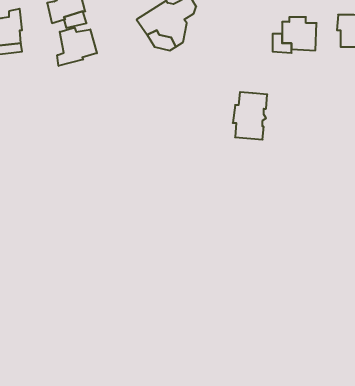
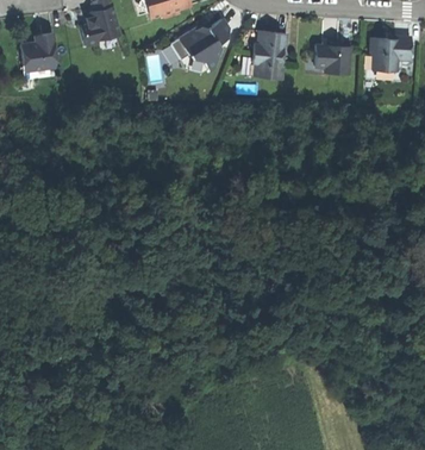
building: [57,28,97,66] -> none
building: [233,92,267,140] -> [252,31,287,79]

